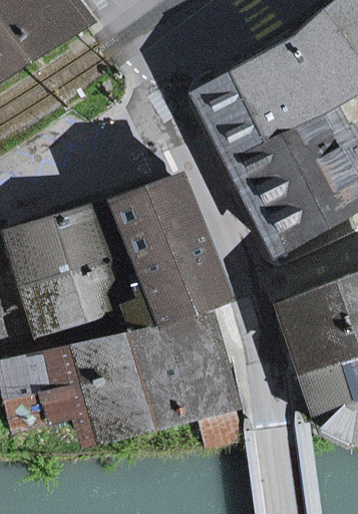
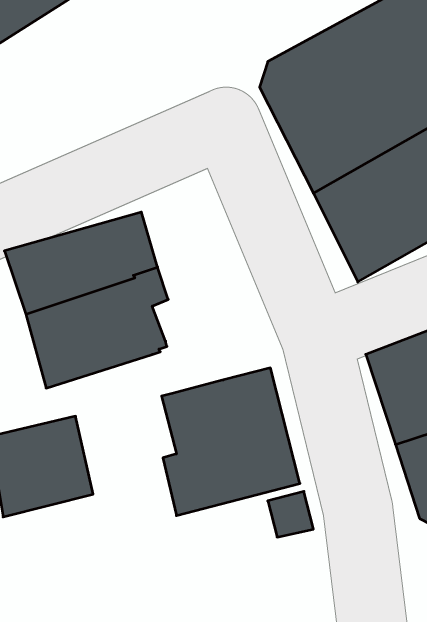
building: [116,178,224,333] -> none
building: [64,335,139,437] -> none

